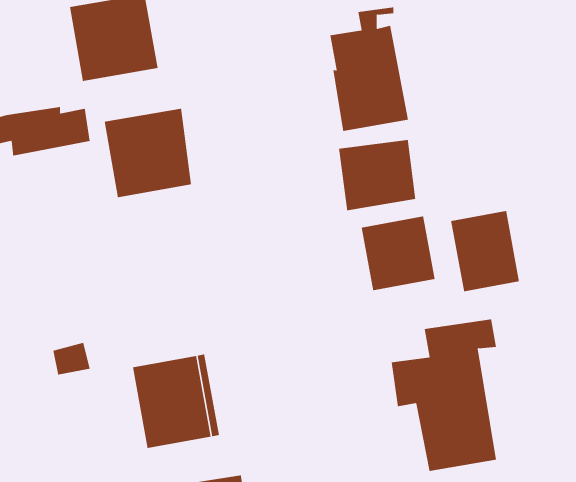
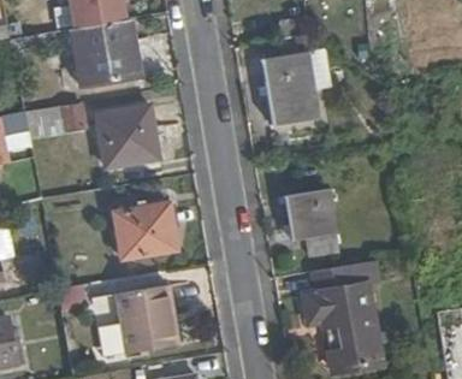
building: [339,139,416,211] -> none
building: [451,210,520,292] -> none
building: none -> [116,203,176,259]

